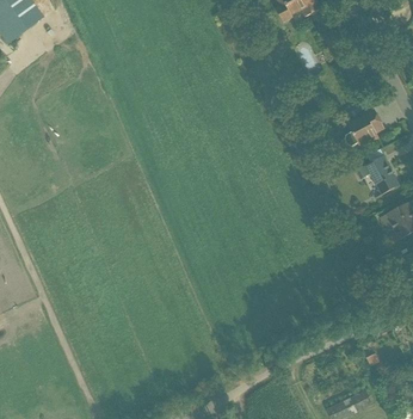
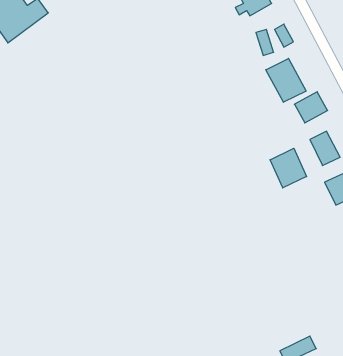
building: none -> [266,58,306,102]
building: none -> [270,148,307,188]

